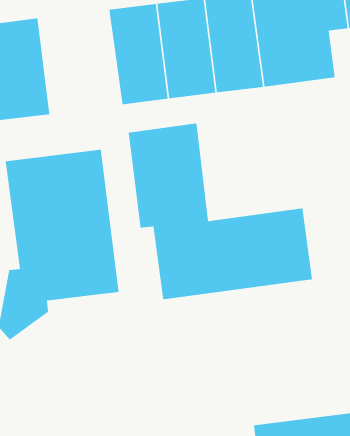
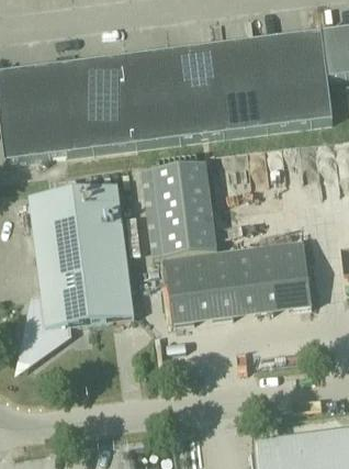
building: none -> [59,57,136,154]

